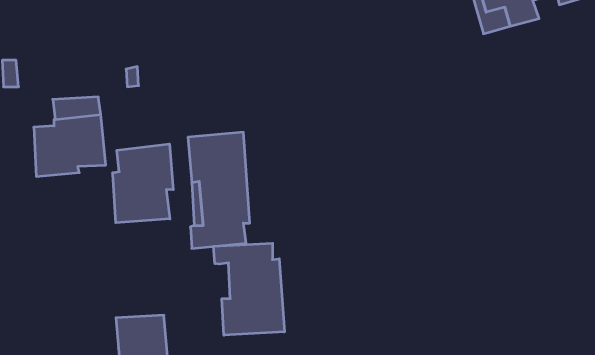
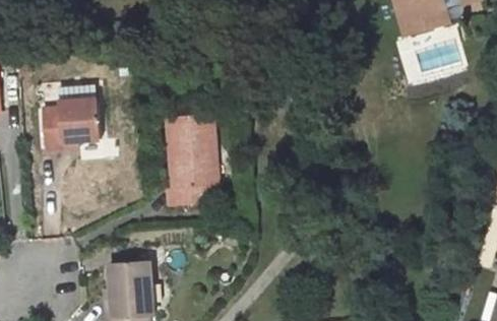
building: [113,144,173,223] -> none
building: [213,243,284,335] -> none

